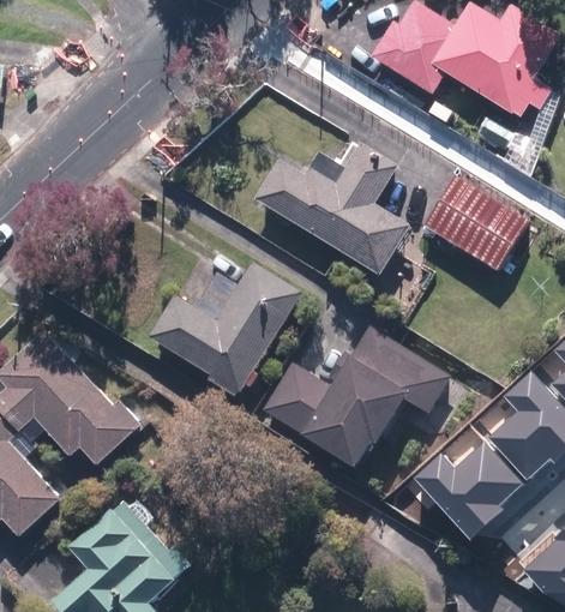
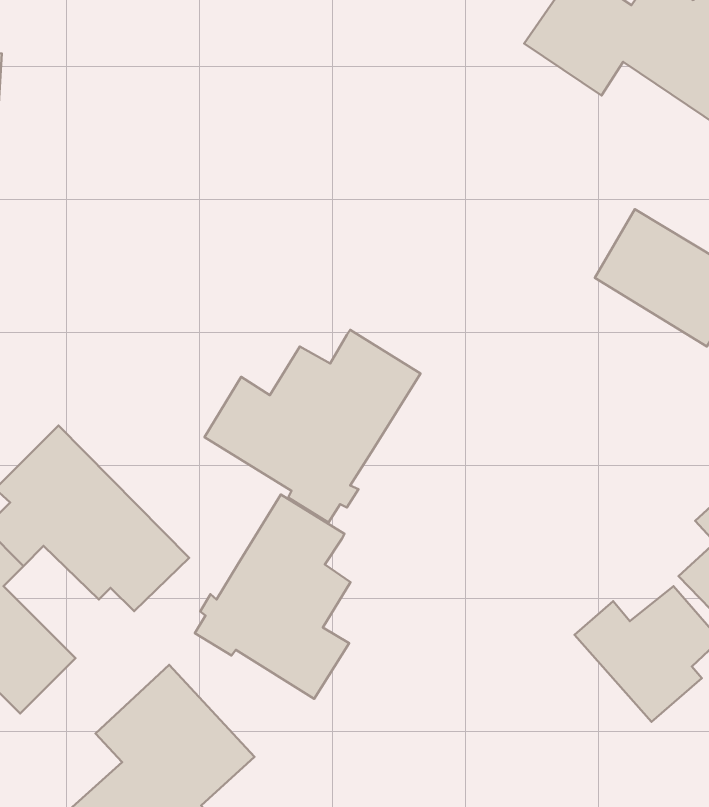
building: [256,142,404,274] -> none
building: [265,326,451,468] -> none
building: none -> [195,495,351,699]

